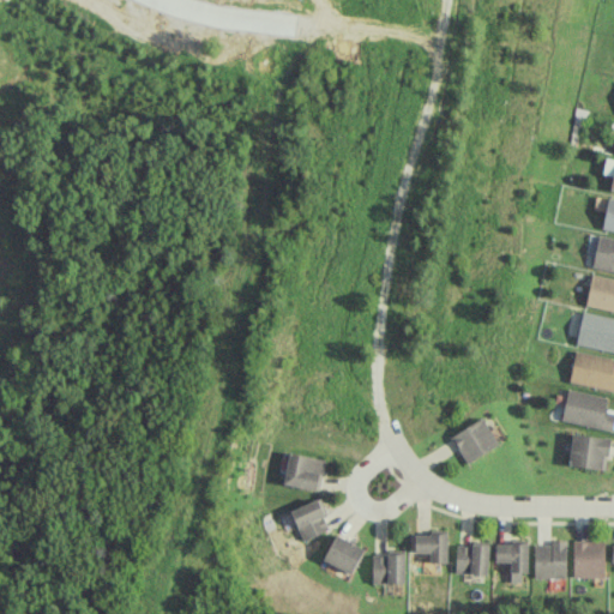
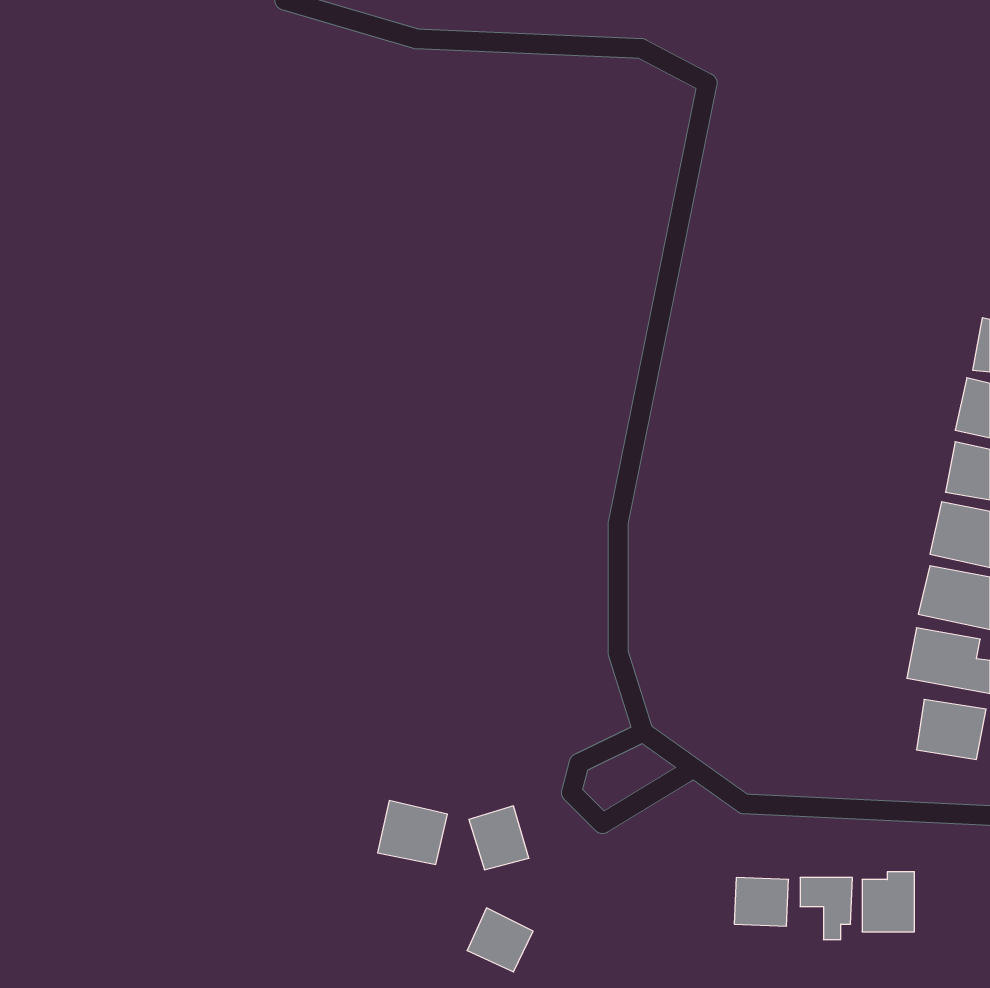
building: [450,417,499,464] -> none
building: [282,452,325,492] -> [378,801,447,864]
building: [414,534,446,564] -> none
building: [323,535,363,574] -> [467,908,533,972]
building: [572,541,604,578] -> none
building: [371,555,404,584] -> none

